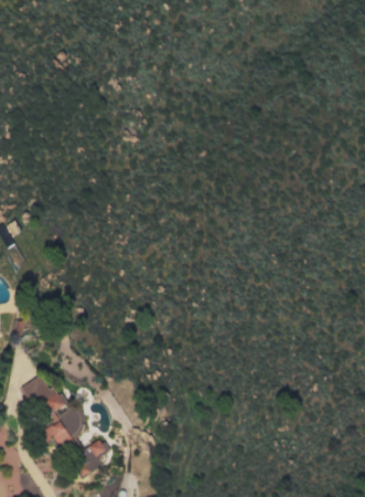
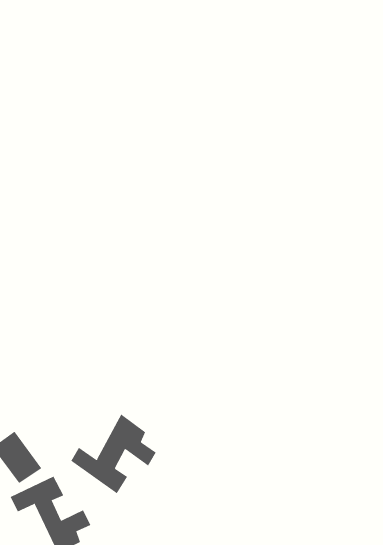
building: none -> [71,414,157,494]

